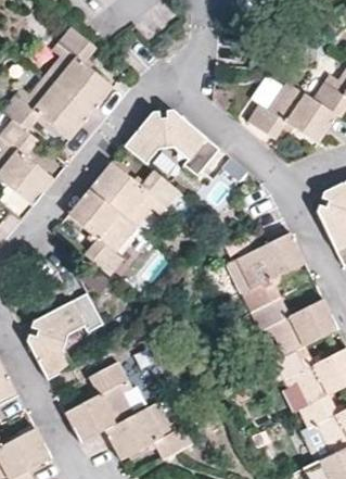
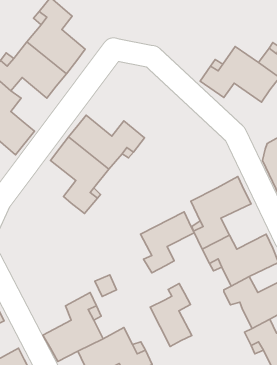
building: [128,108,215,172] -> none
building: none -> [141,212,194,273]
building: [26,297,104,382] -> none
building: none -> [150,284,192,346]

